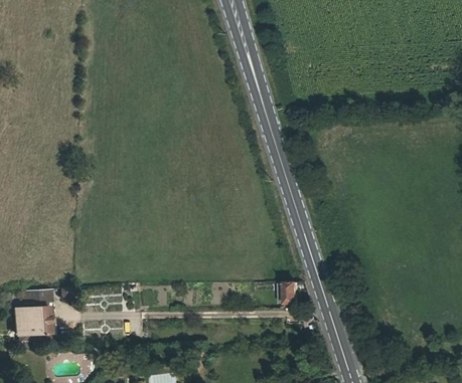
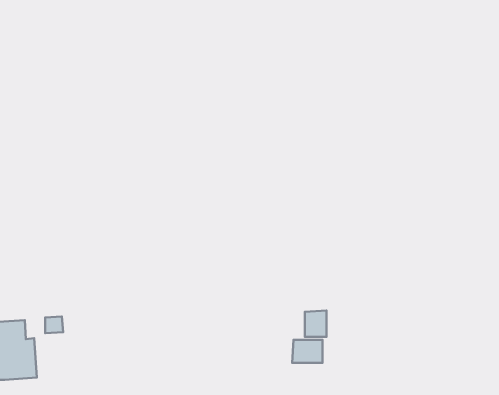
building: none -> [292,340,322,363]

